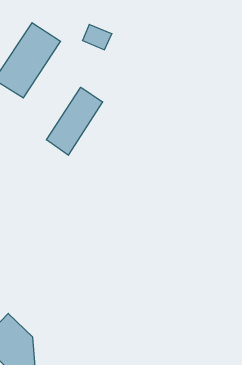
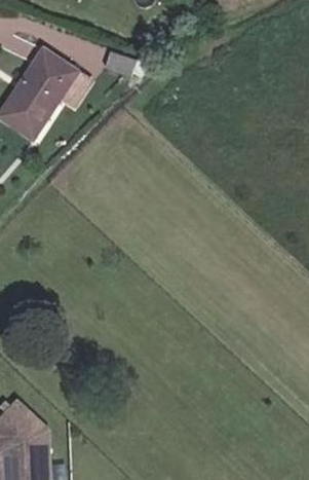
building: [46,87,103,155] -> none

